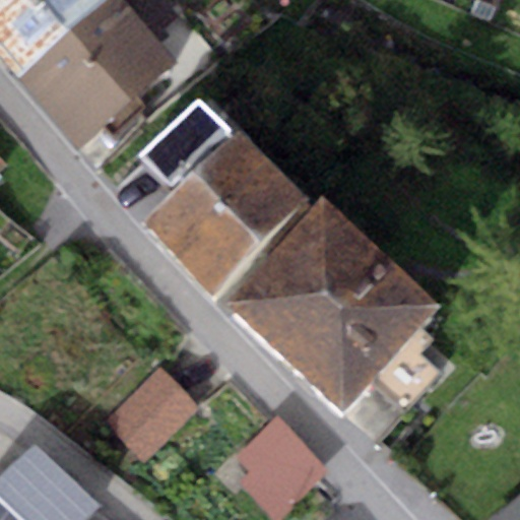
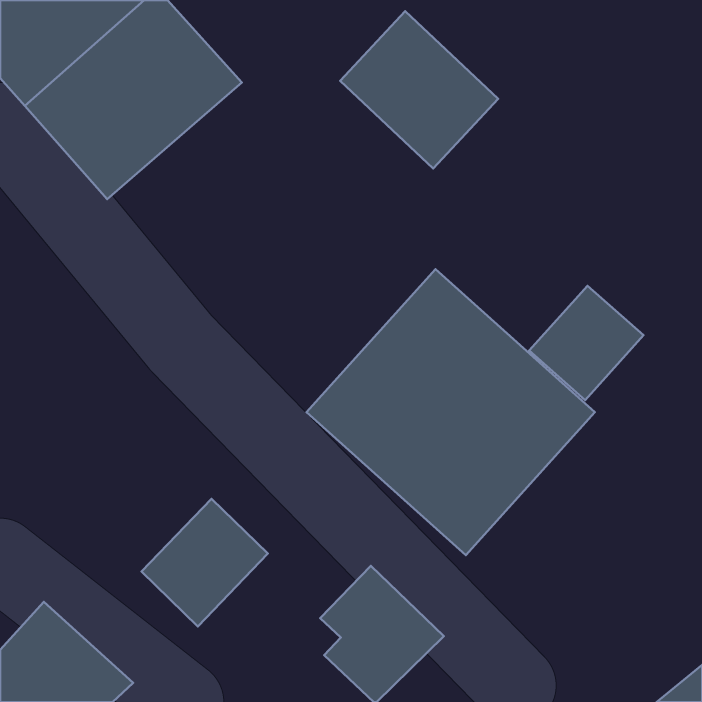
building: none -> [340,11,498,169]
building: [143,98,308,292] -> none
building: none -> [529,286,643,400]

